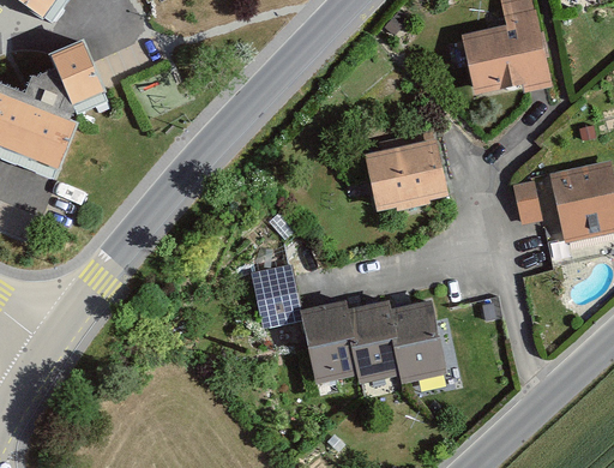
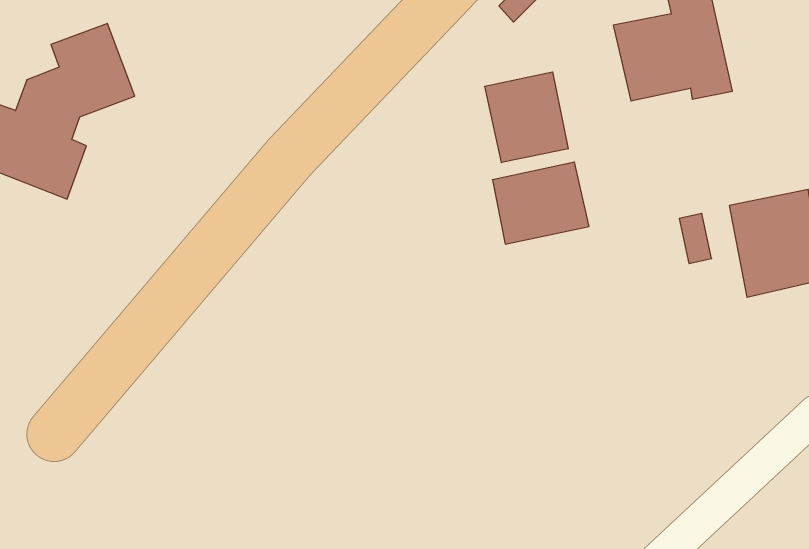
building: none -> [485,72,568,163]
building: [252,263,441,380] -> none

